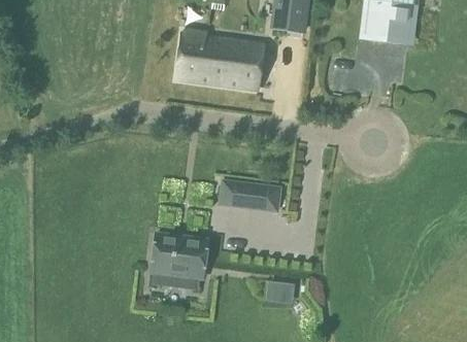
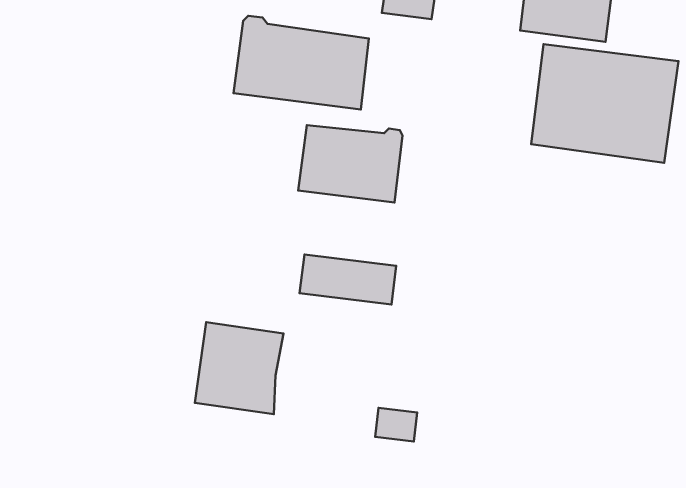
building: none -> [531,44,678,163]
building: none -> [298,125,402,202]

